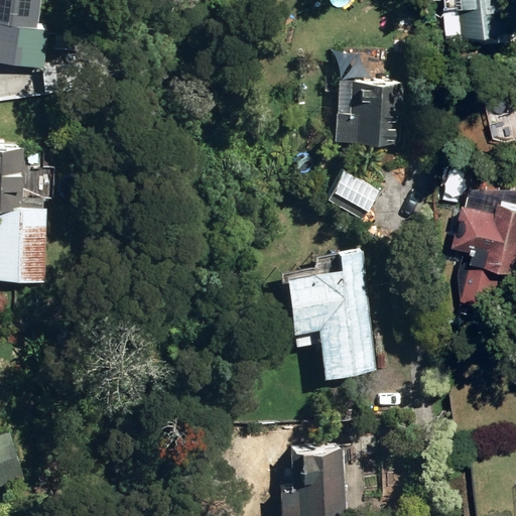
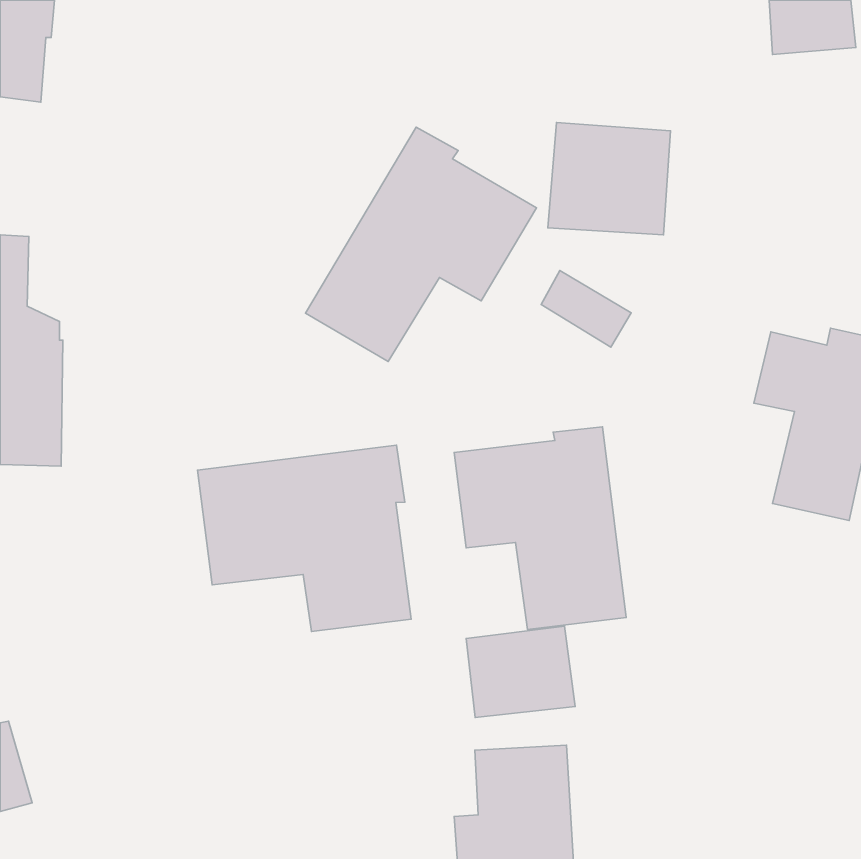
building: none -> [306,127,537,362]
building: none -> [198,445,411,632]
building: none -> [466,626,575,717]

